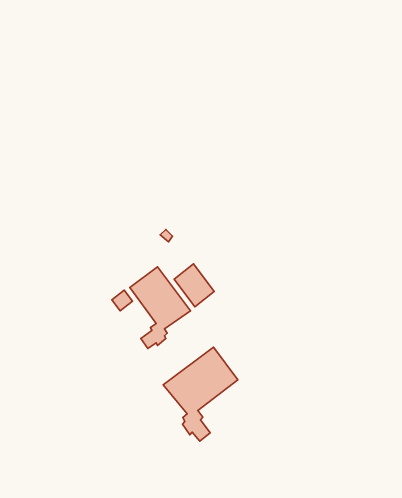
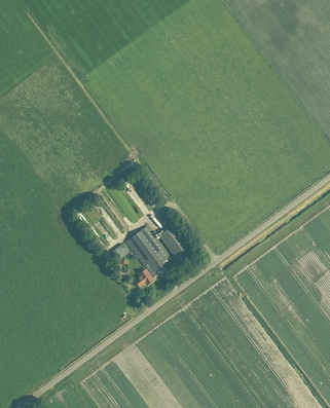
building: [163,347,238,441] -> none

